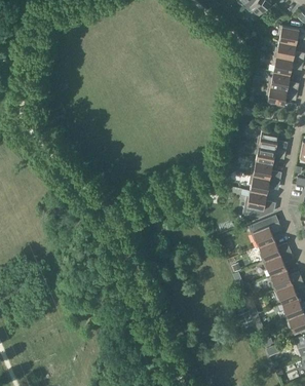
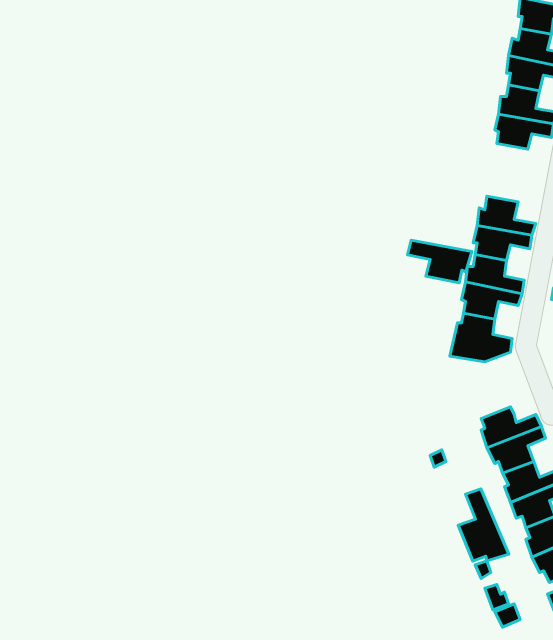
building: none -> [408,240,472,283]
building: [249,216,281,247] -> none
building: none -> [458,489,509,561]

